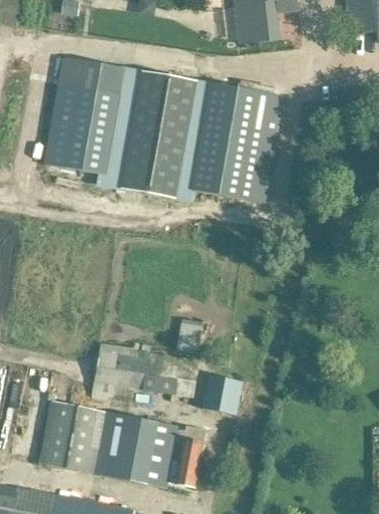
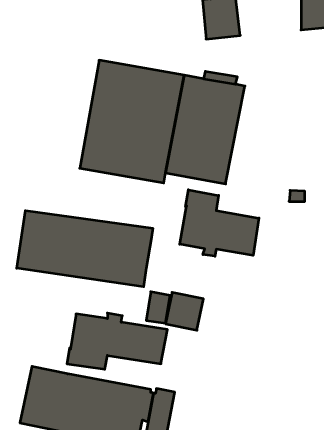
building: [42,56,125,175] -> none
building: none -> [180,190,259,256]
building: none -> [17,211,153,287]
building: [203,373,244,415] -> [166,292,203,330]

